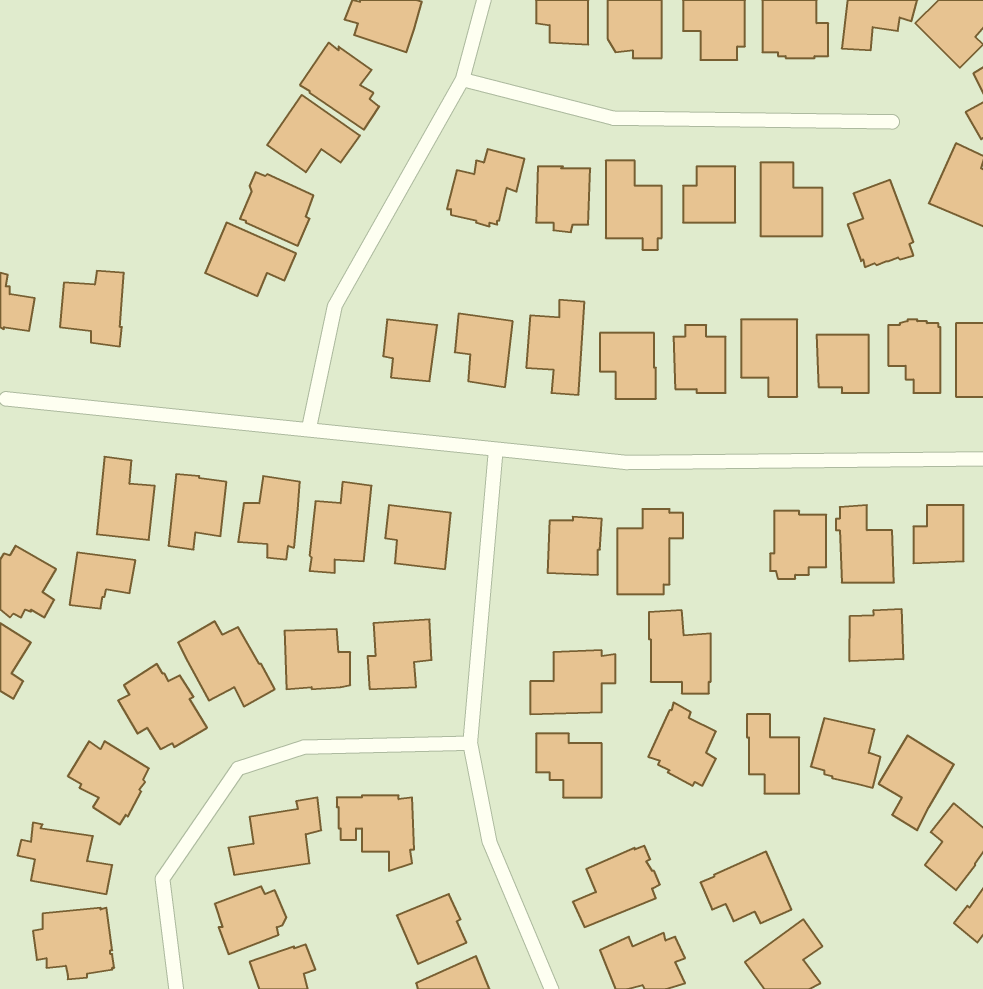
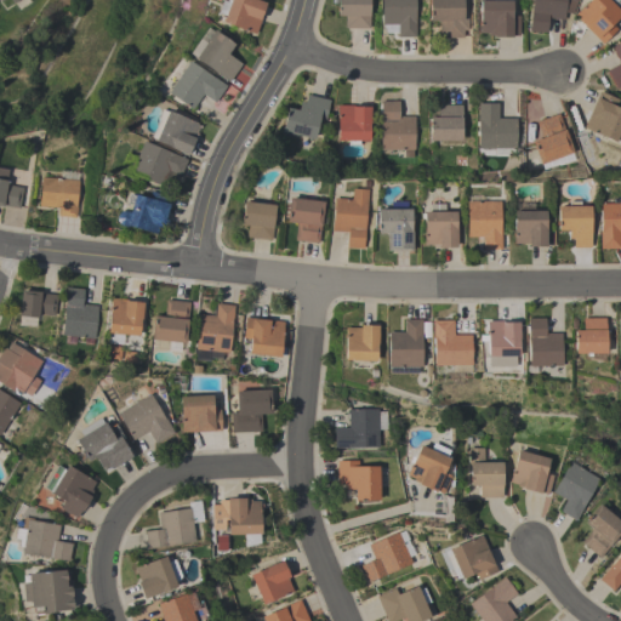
building: none -> [119,190,172,233]
building: [70,552,135,609] -> [19,290,61,325]
building: [850,609,903,661] -> none
building: [649,610,711,693] -> [434,319,473,371]

